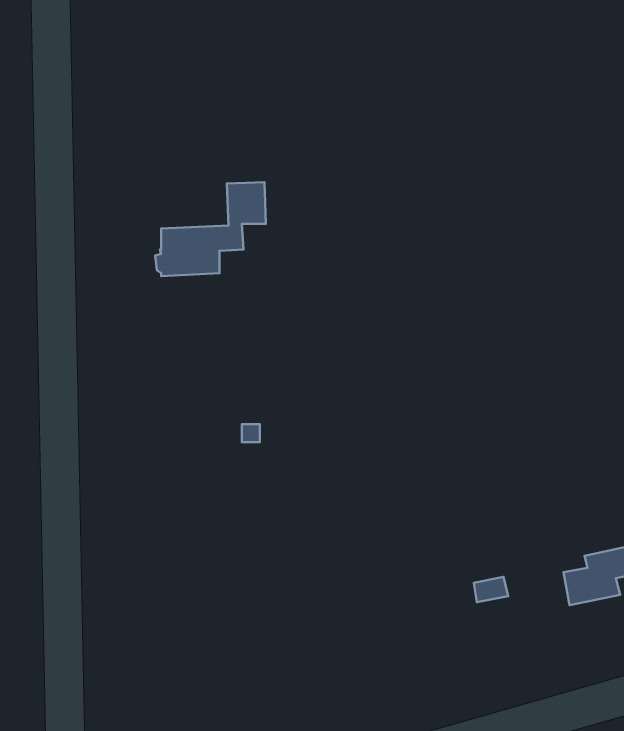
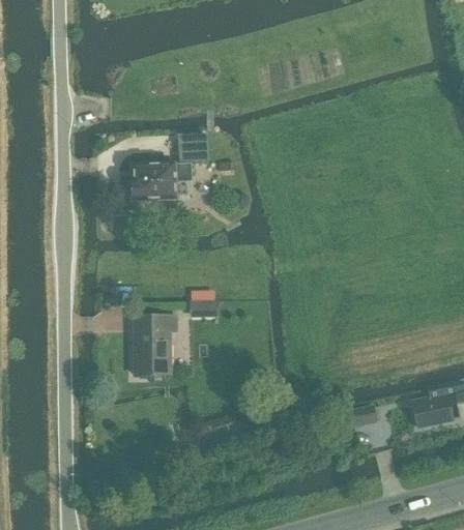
building: none -> [135,315,176,374]

